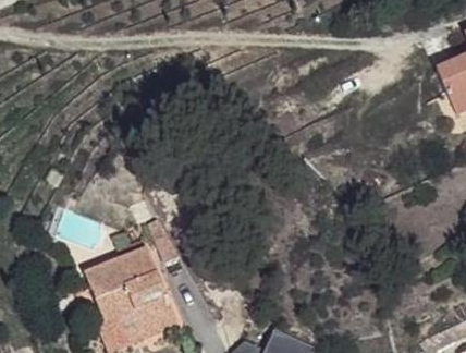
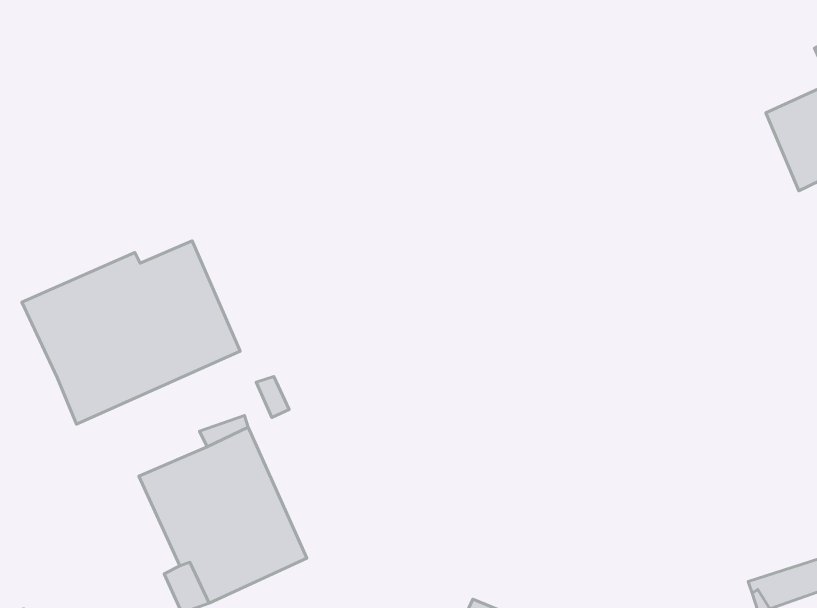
building: none -> [22,241,240,424]

